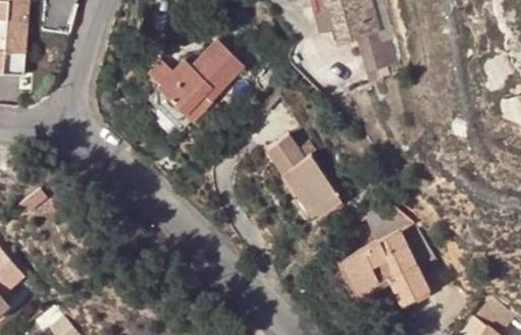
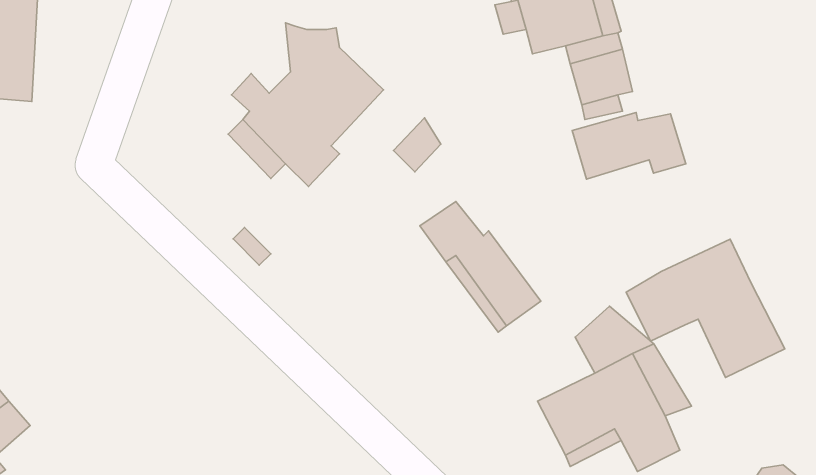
building: none -> [572,112,686,179]
building: none -> [626,239,785,377]

